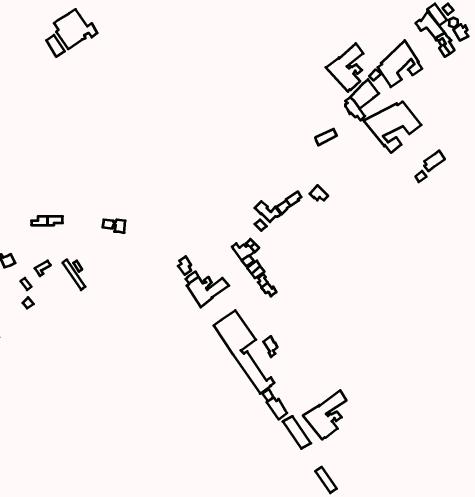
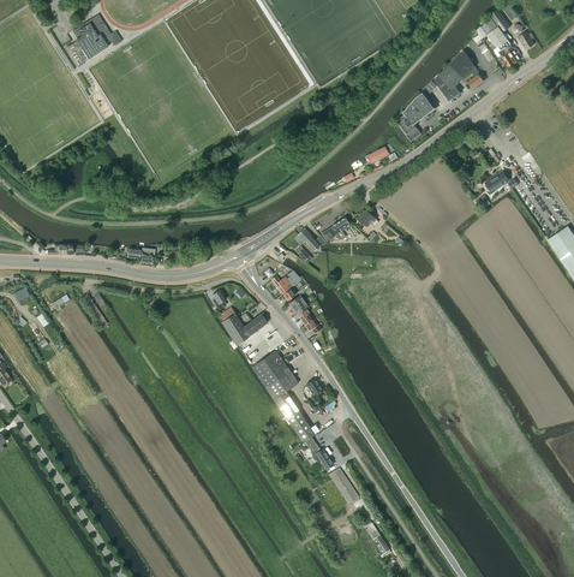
building: [326,43,363,92] -> none
building: [363,102,421,153] -> none
building: [303,390,346,439] -> none

